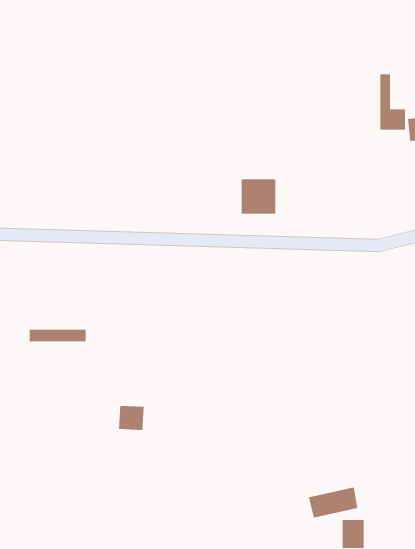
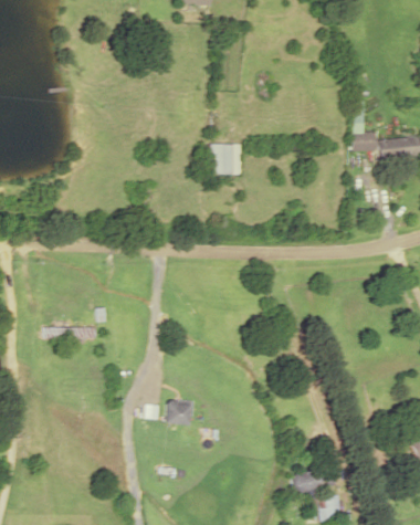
building: [241,179,276,214] -> [209,145,240,176]
building: [118,405,144,430] -> [165,402,188,424]

